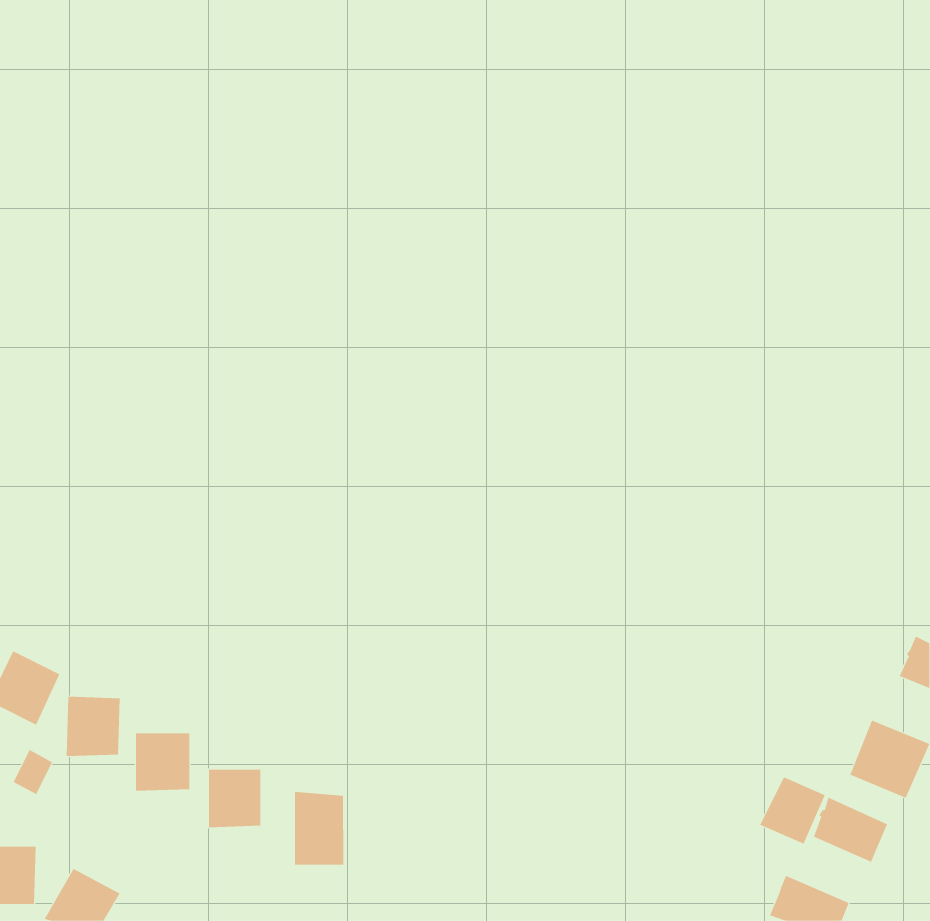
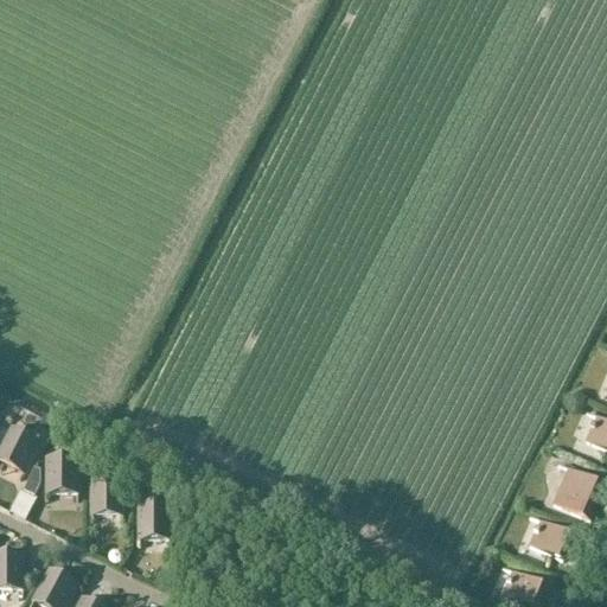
building: [759,777,826,845] -> none
building: [294,791,344,866] -> none

